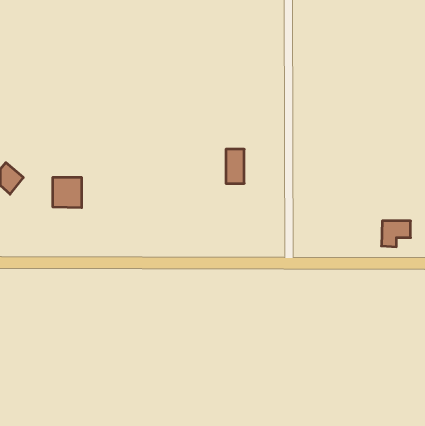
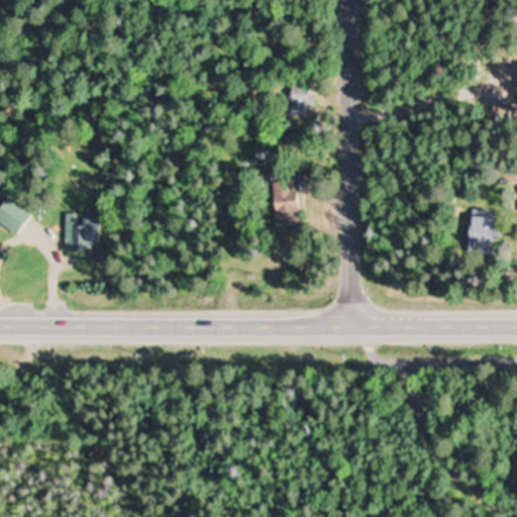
building: none -> [292,85,312,117]
building: [381,221,411,247] -> [468,217,503,248]

